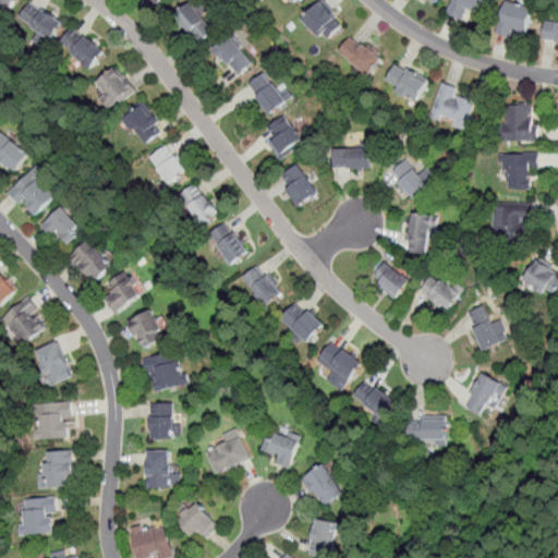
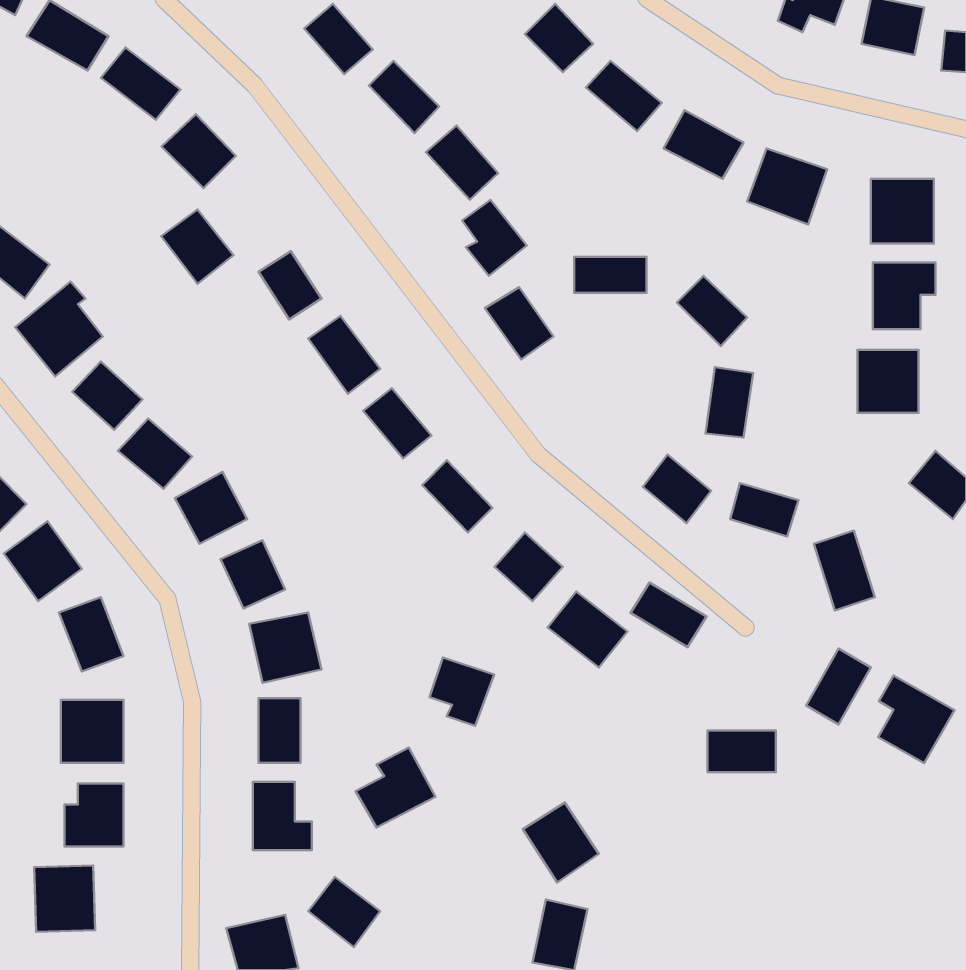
building: [121,102,162,145] -> [161,210,234,284]
building: [351,379,395,416] -> [630,582,706,647]
building: none -> [878,675,954,763]
building: [262,426,299,465] -> [429,657,494,726]

